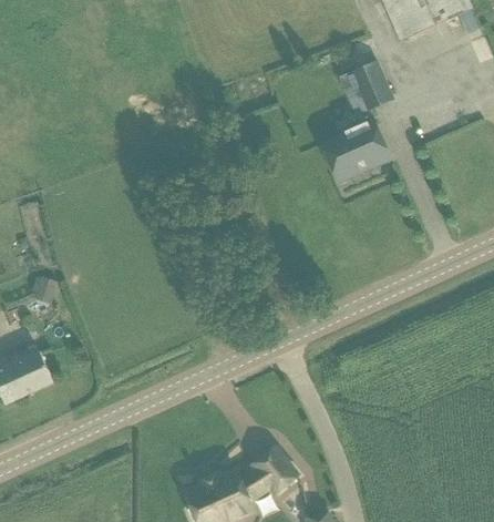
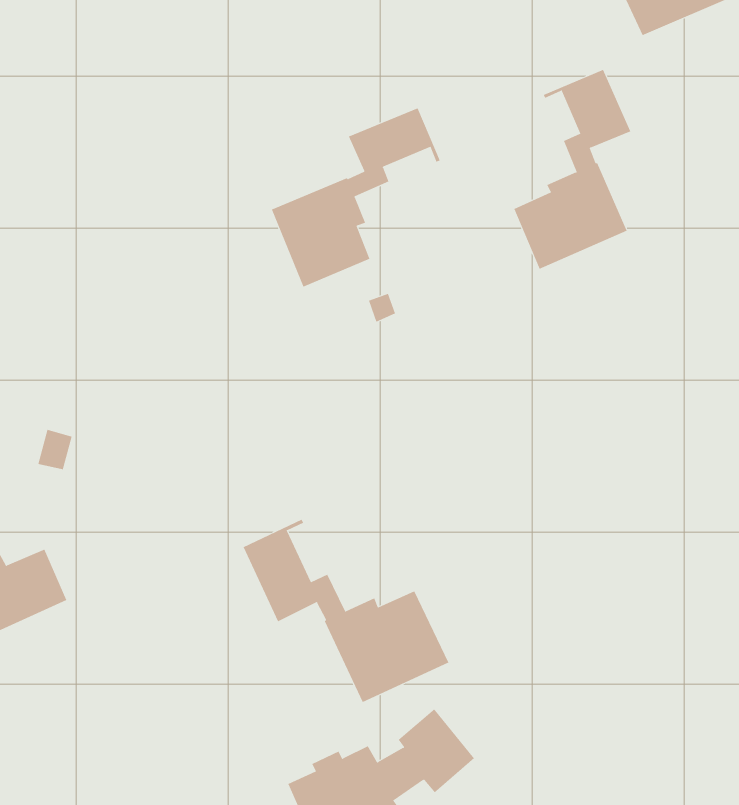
building: none -> [271,107,441,288]
building: none -> [243,519,449,703]

